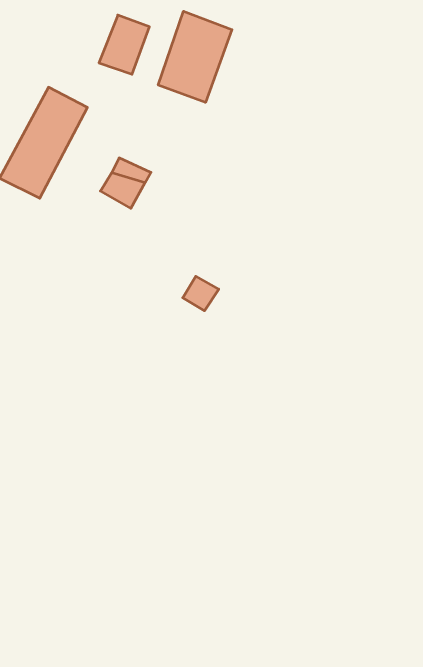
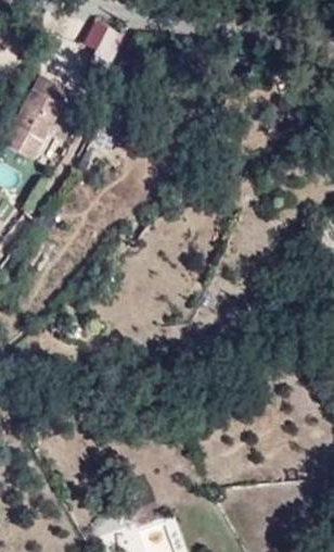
building: [158,11,232,102] -> none

